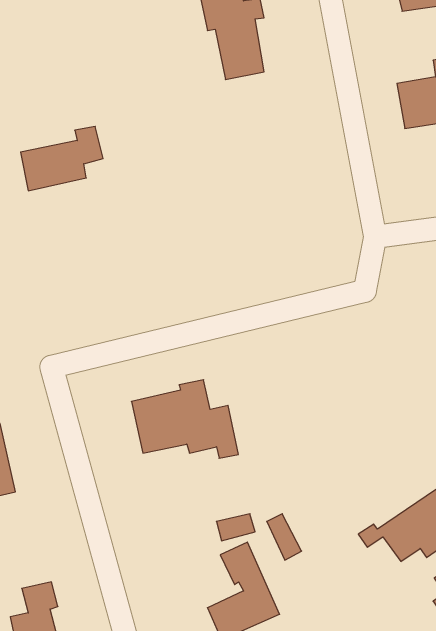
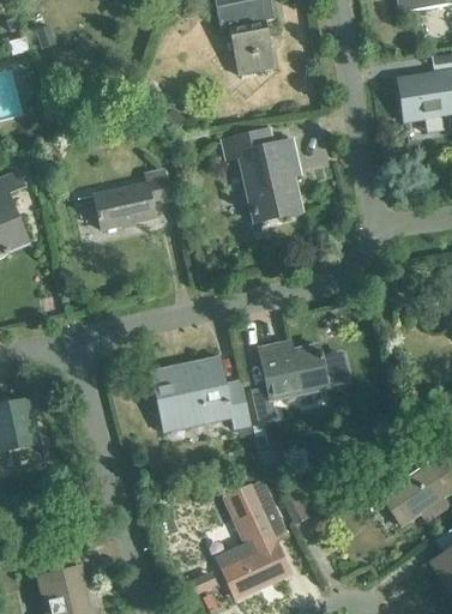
building: [21,126,103,191] -> [94,169,170,229]
building: none -> [222,127,300,222]
building: none -> [249,343,350,420]

